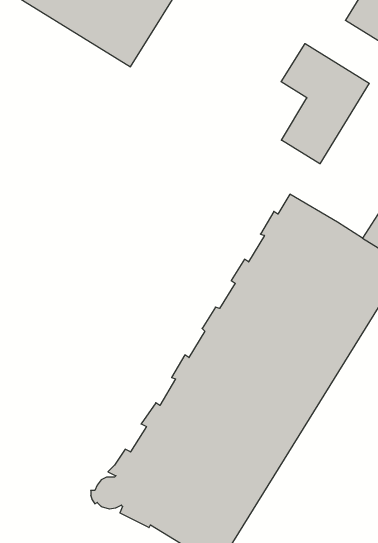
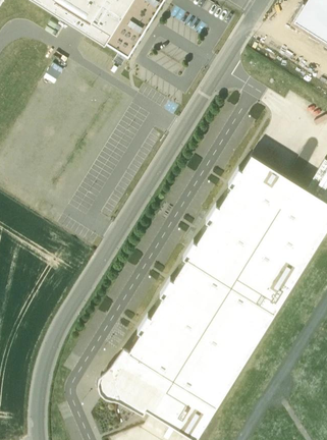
building: [281,44,369,164] -> none

